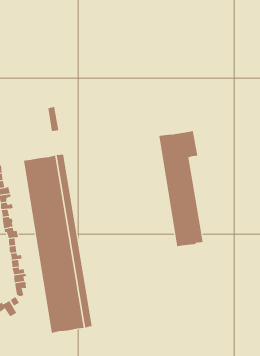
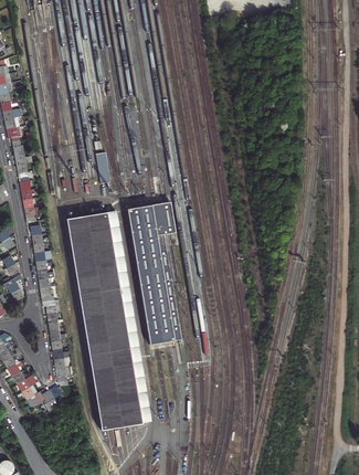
building: [159,130,203,247] -> [127,202,182,345]

